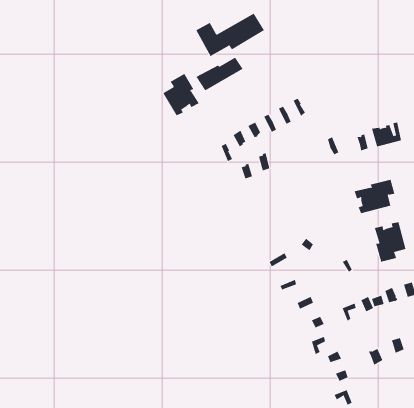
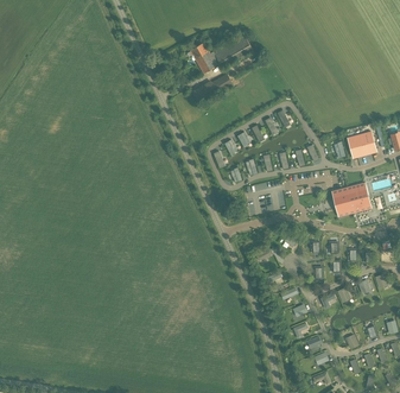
building: [163,73,199,116] -> none
building: [374,222,406,263] -> none

